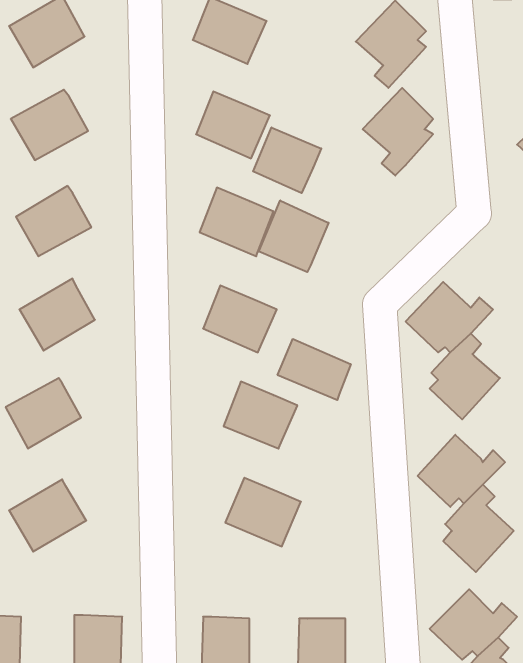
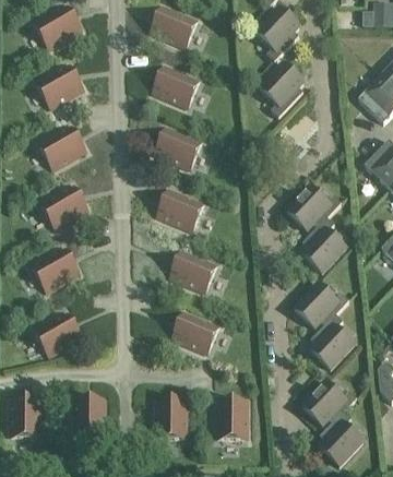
building: [253,127,321,193] -> none
building: [259,200,329,272] -> none
building: [278,339,351,400] -> none

